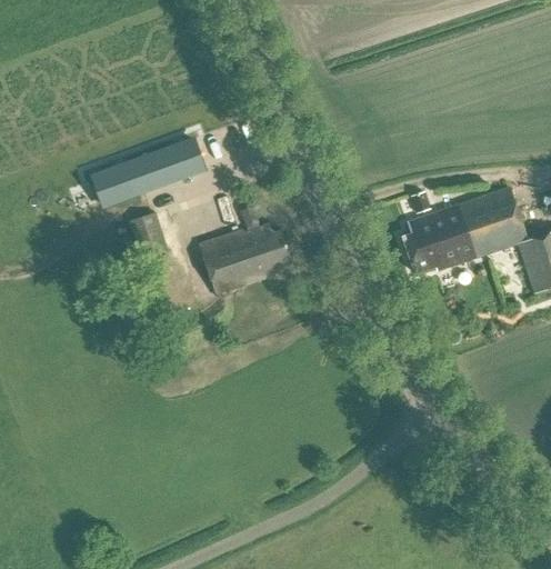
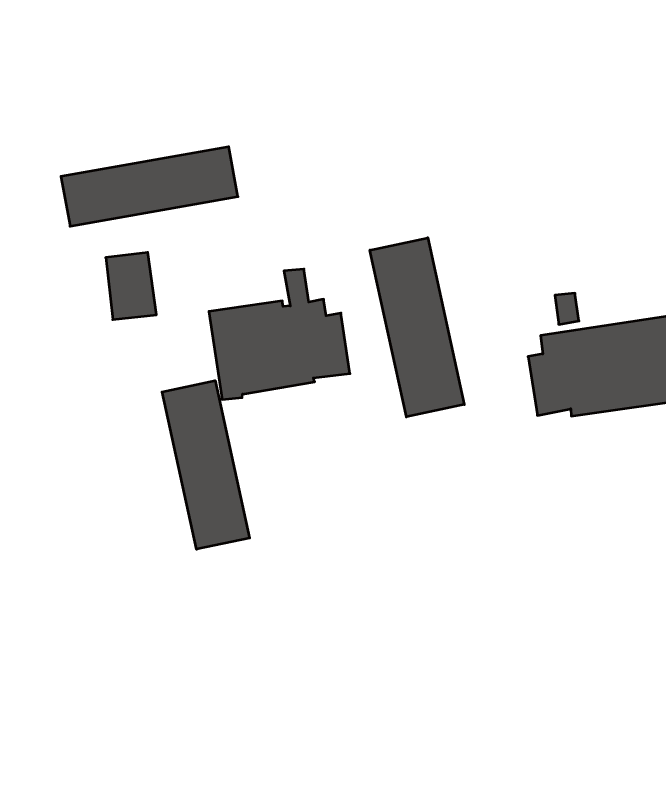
building: none -> [370,238,464,417]
building: none -> [162,381,250,549]

